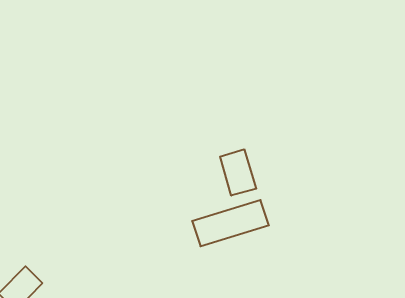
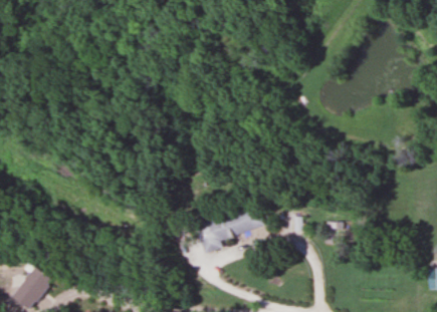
building: [220,149,256,196] -> none

